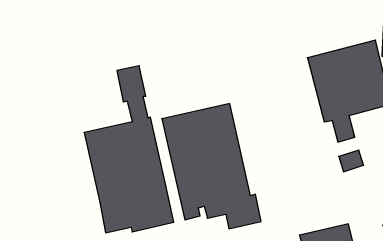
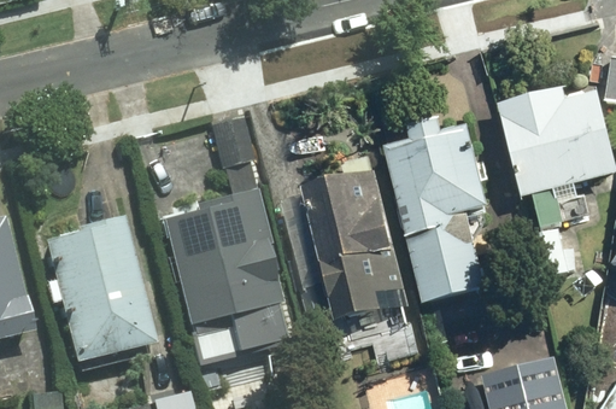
building: none -> [386,118,491,303]
building: none -> [40,217,145,362]

